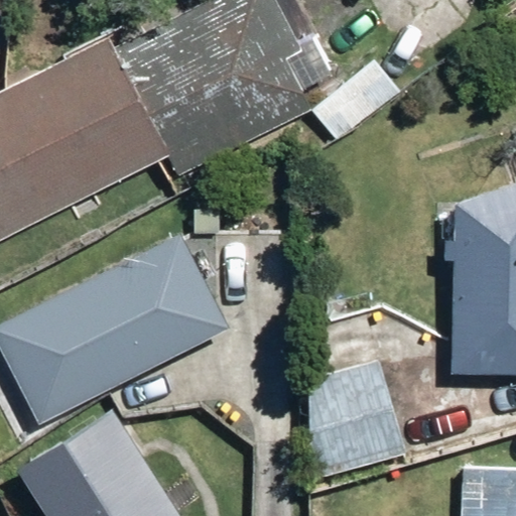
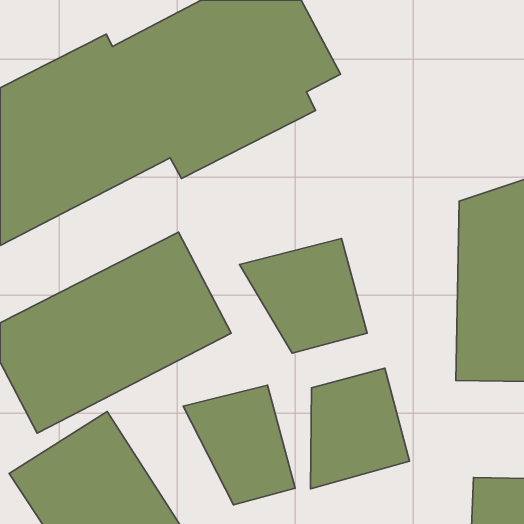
building: none -> [240,238,367,353]
building: none -> [183,385,295,505]

